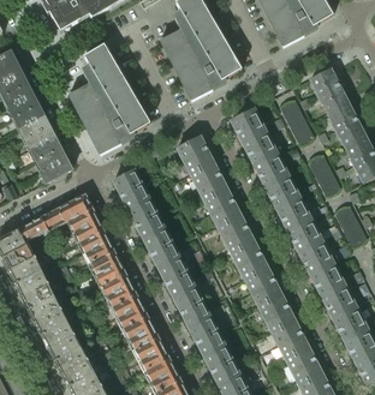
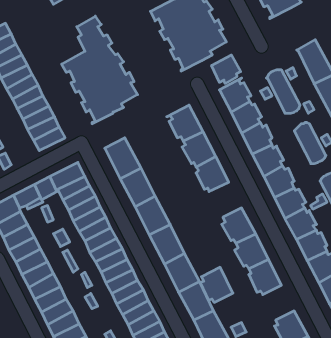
building: none -> [212,55,241,83]
building: [220,214,254,250] -> none
building: [274,319,308,355] -> [200,267,233,302]

